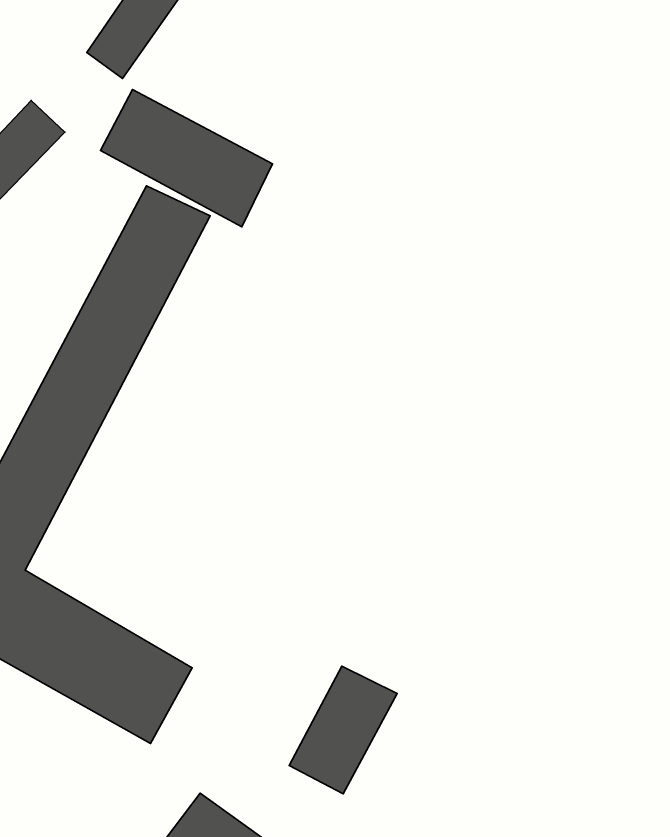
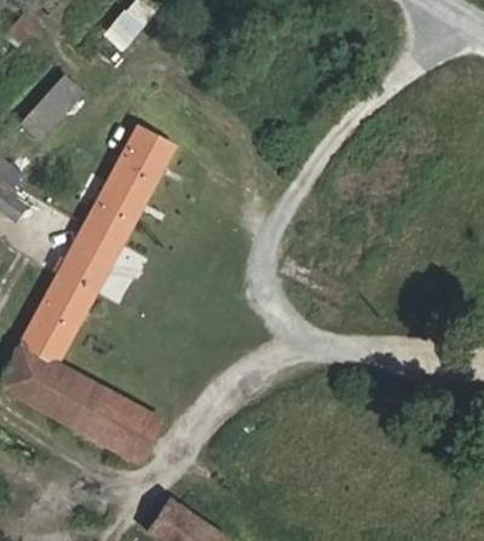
building: [100,90,273,227] -> none
building: [289,666,397,794] -> none

